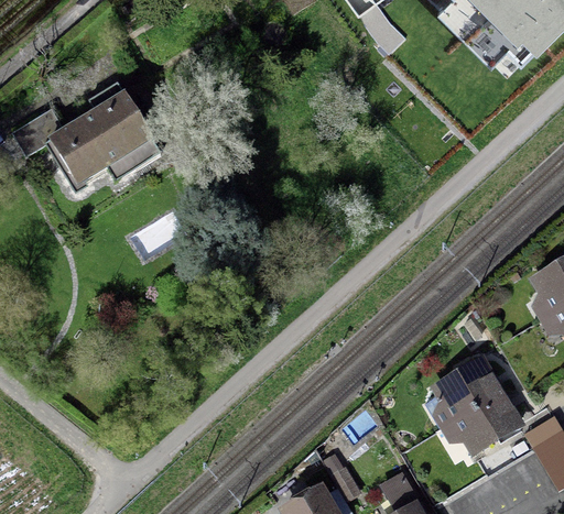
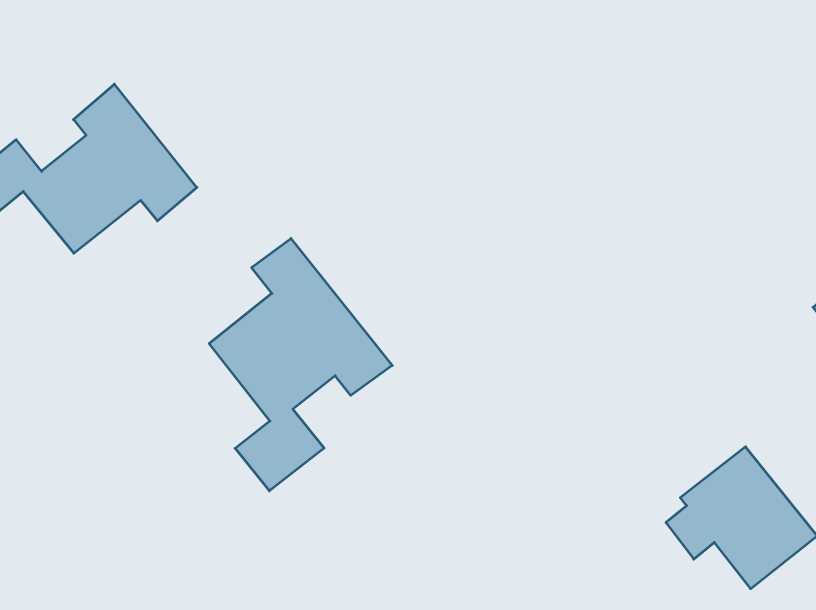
building: none -> [209,238,392,491]

